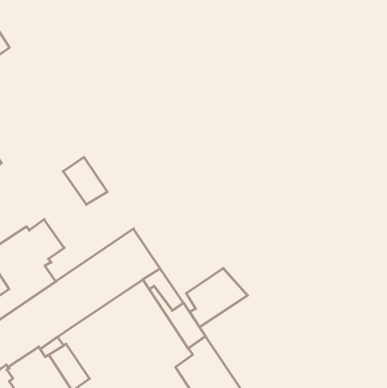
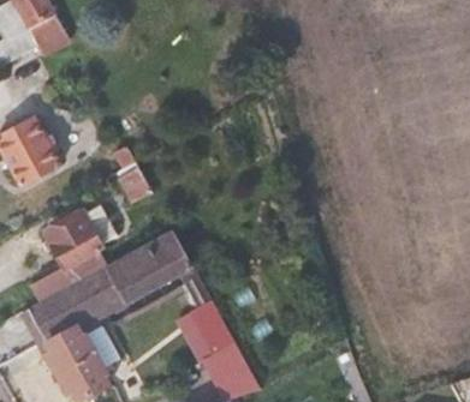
building: [186,268,248,327] -> none

